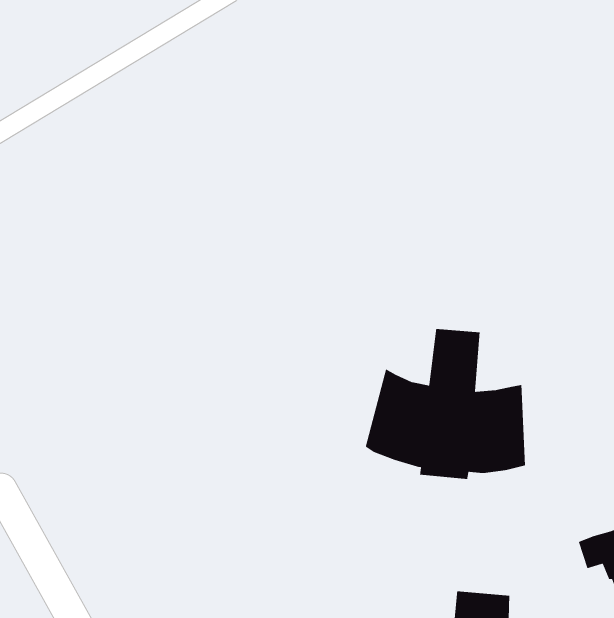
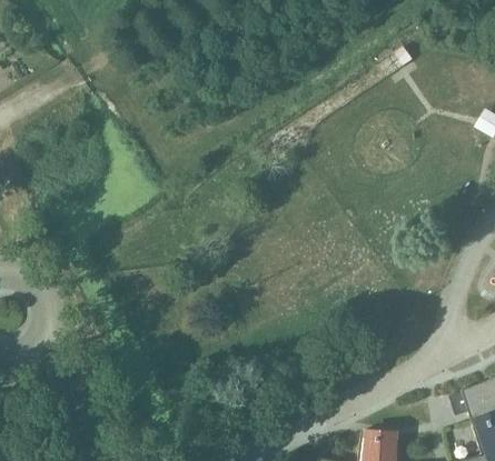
building: [365,328,526,480] -> none

